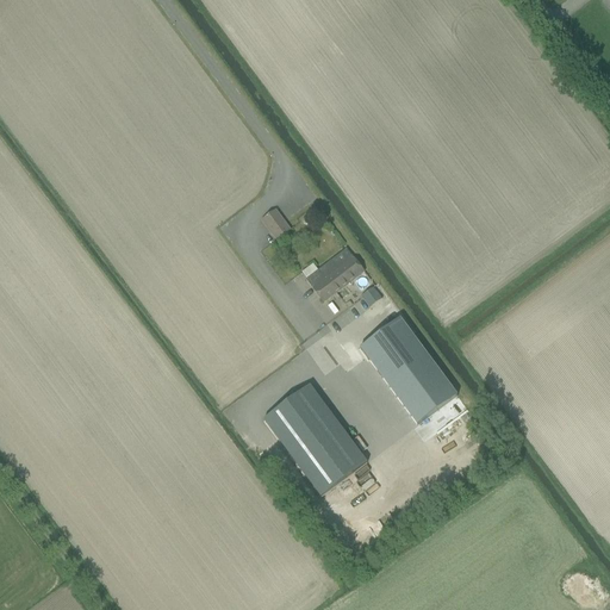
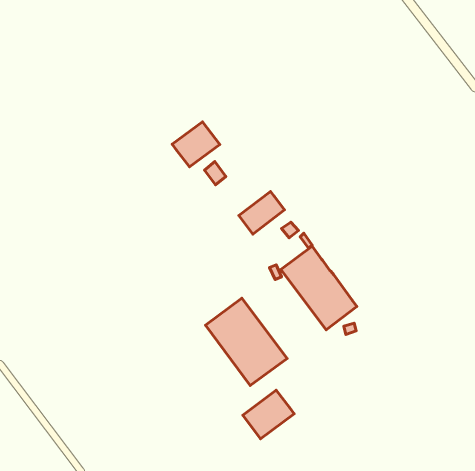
building: none -> [172,122,220,167]
building: none -> [243,390,294,439]

